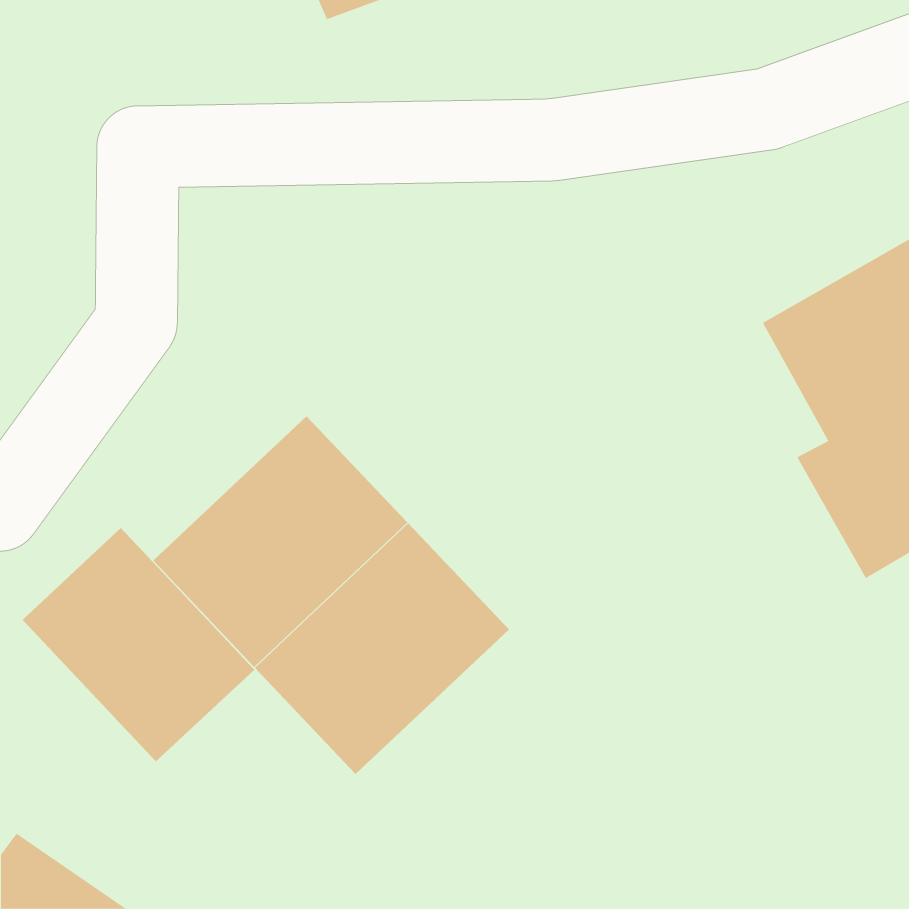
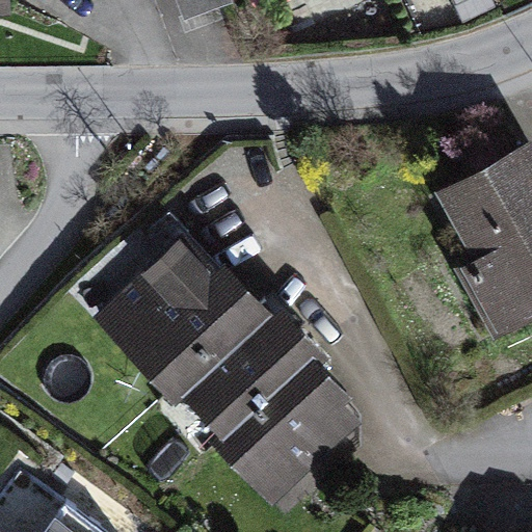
building: [22,527,255,762] -> none
building: none -> [214,361,361,505]

